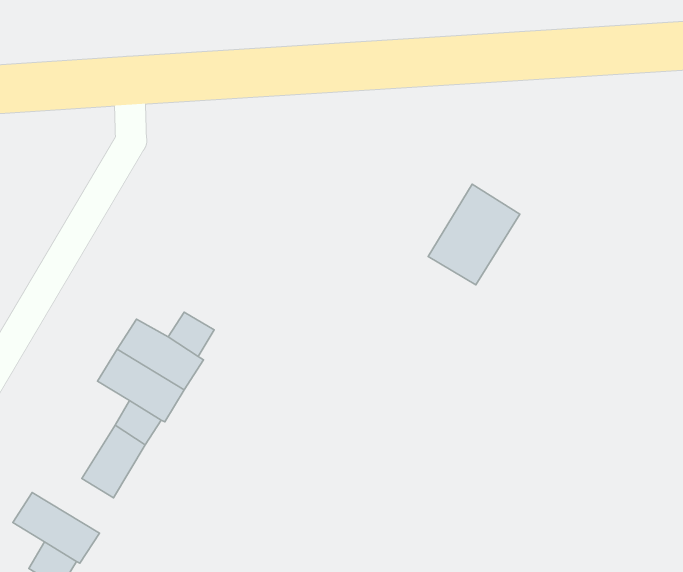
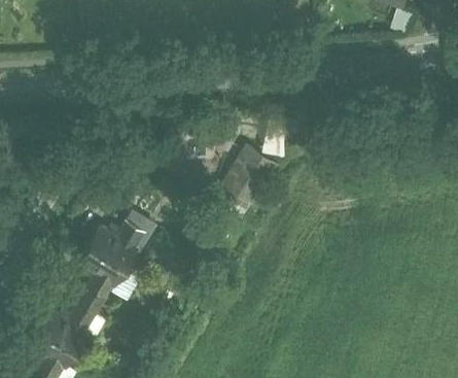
building: [428,184,520,285] -> [221,144,275,203]
building: none -> [37,306,87,348]

